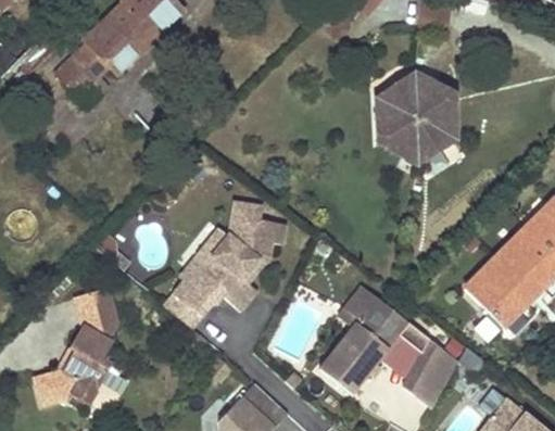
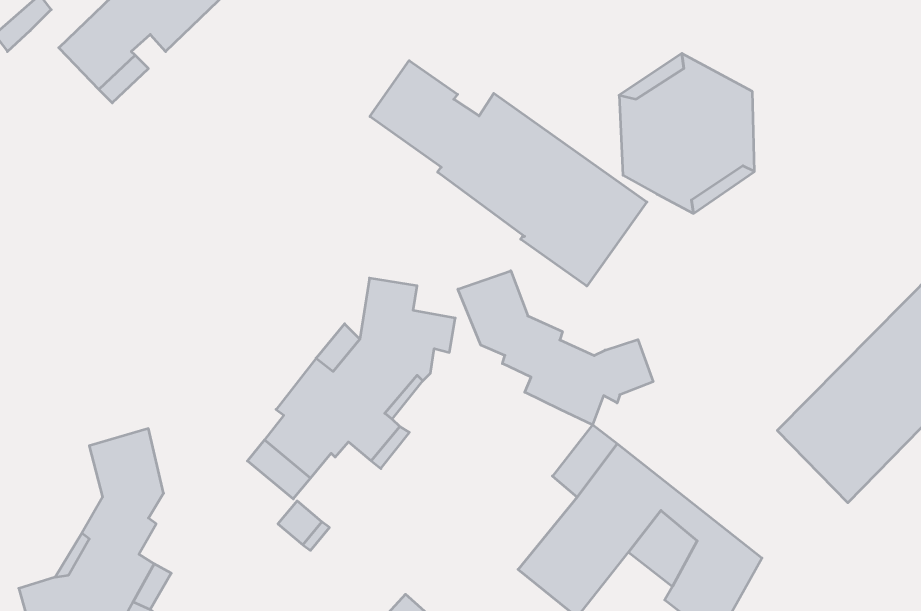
building: none -> [370,61,647,286]
building: none -> [458,271,653,425]

